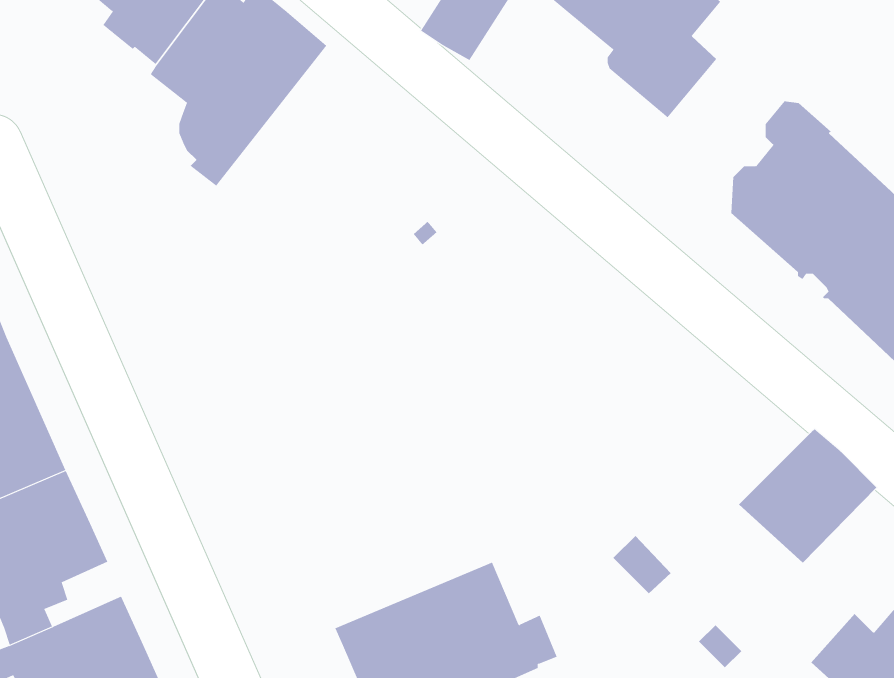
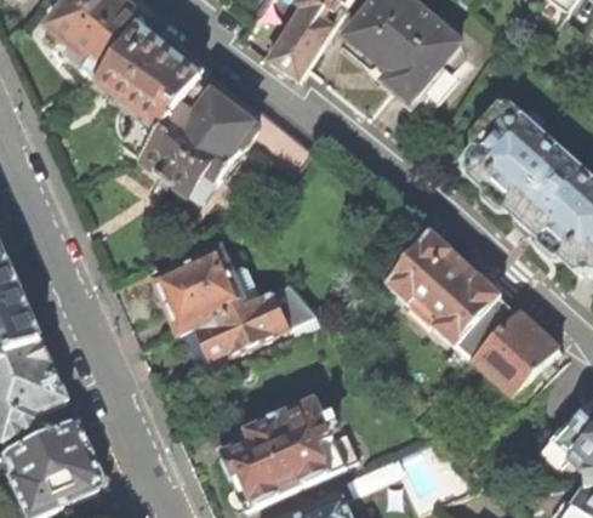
building: none -> [139,67,314,201]
building: none -> [387,228,518,370]
building: none -> [153,246,315,359]

